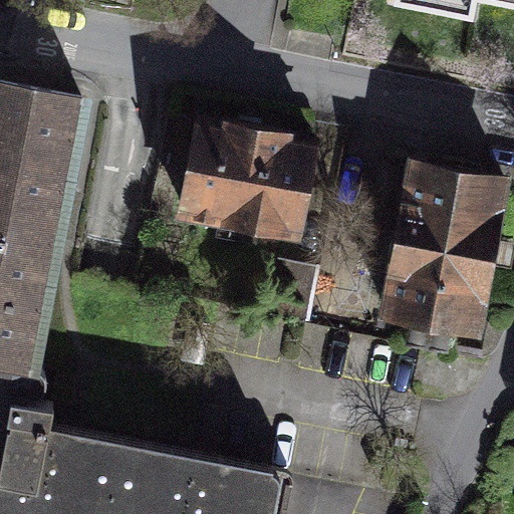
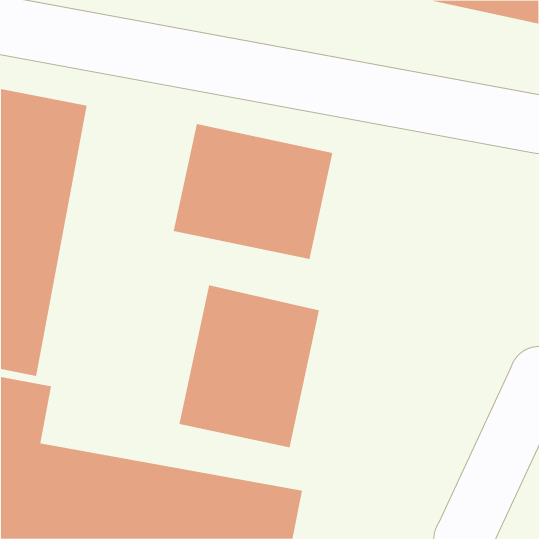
building: [371,171,508,357] -> none
building: none -> [179,285,319,448]

